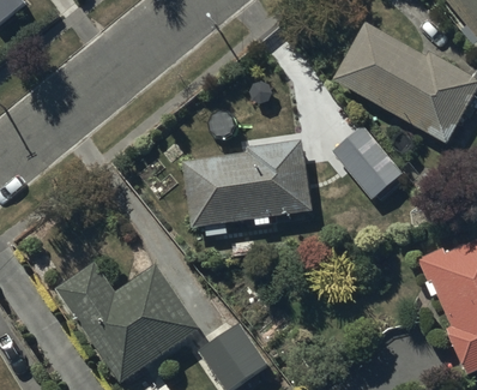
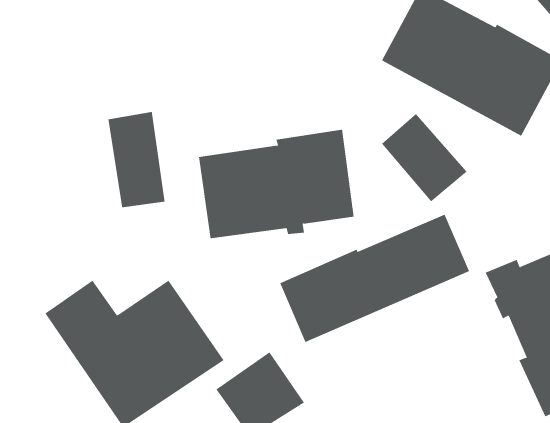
building: none -> [108,111,165,208]
building: none -> [280,214,470,343]

